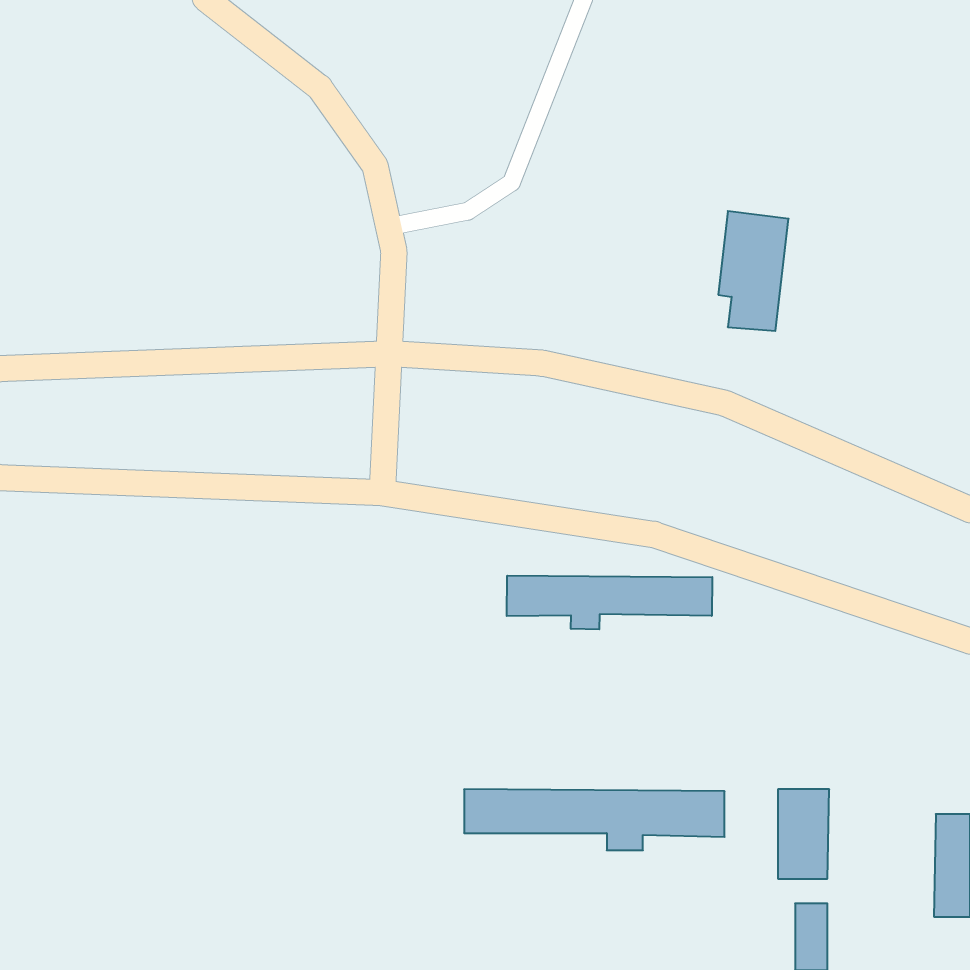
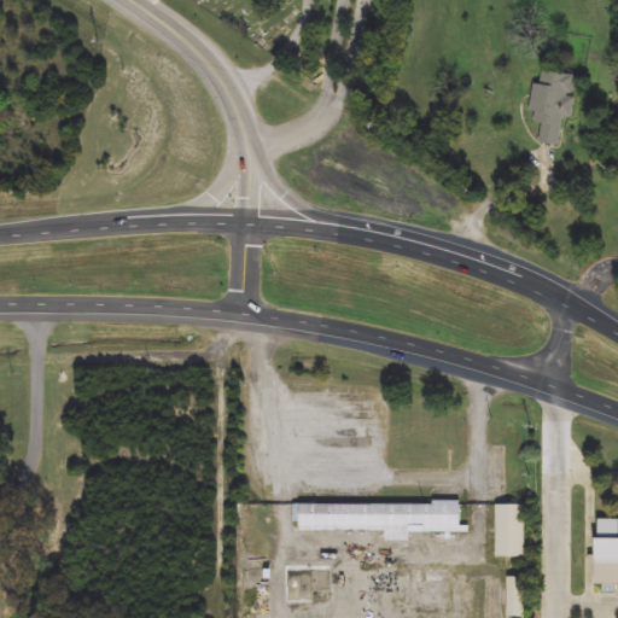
building: [718,211,789,331] -> [531,70,576,146]
building: [507,576,712,629] -> none

